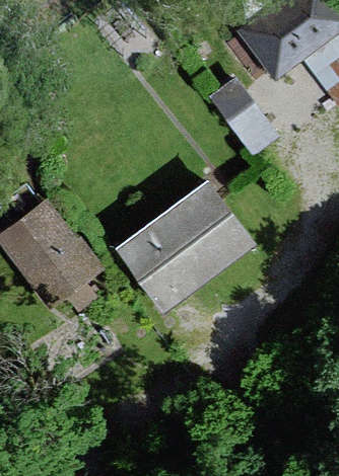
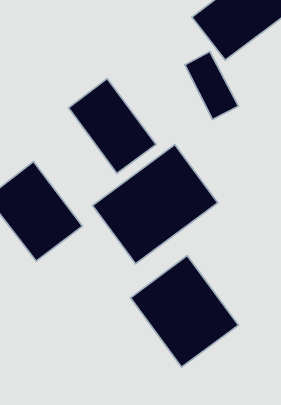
building: none -> [69,78,156,173]
building: none -> [130,256,238,367]

